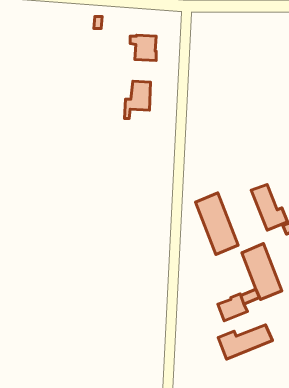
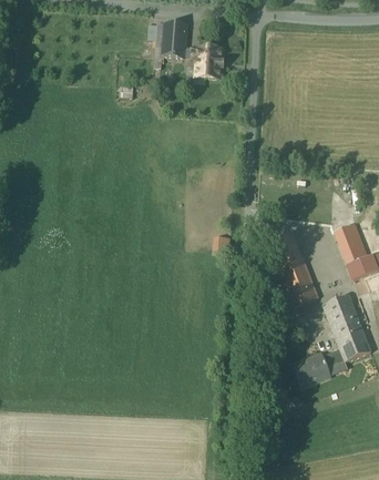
building: [124,81,151,119] -> [154,22,185,67]
building: [218,325,272,359] -> none

